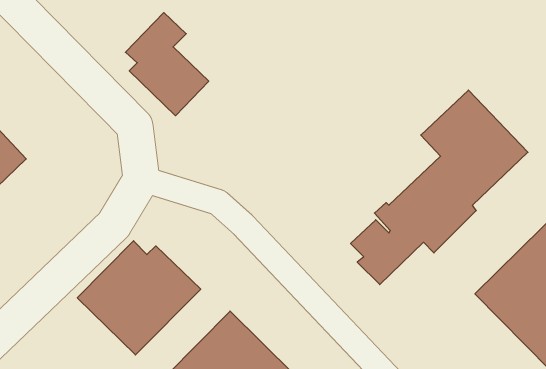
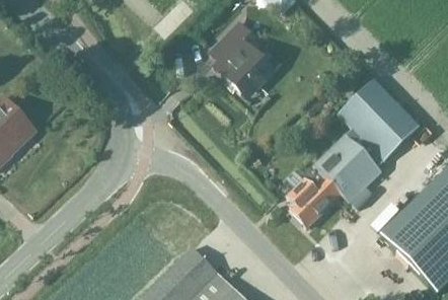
building: [125,13,209,116] -> [208,22,272,101]
building: [77,241,201,355] -> none

